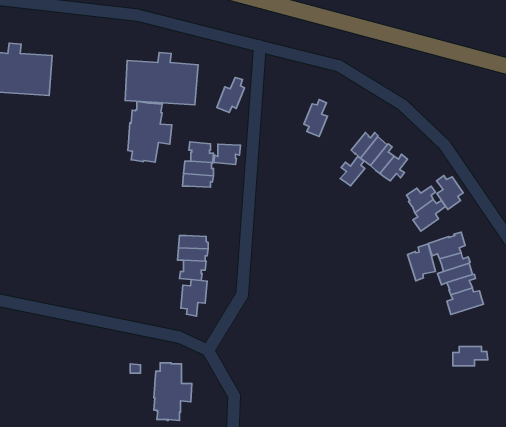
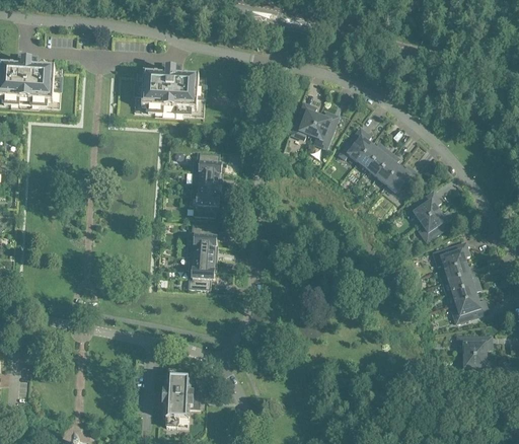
building: [217,78,244,112] -> [291,104,318,139]
building: [128,101,172,162] -> none
building: [214,144,241,165] -> [193,196,219,216]
building: [340,156,365,186] -> [347,131,371,160]
building: [436,176,463,209] -> none
building: none -> [192,225,216,245]
building: [408,244,435,281] -> none
building: [181,280,207,316] -> none
building: none -> [457,336,491,354]

